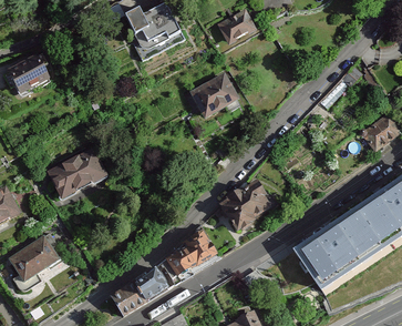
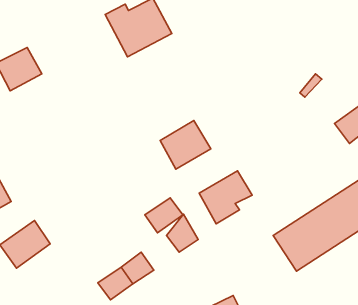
building: [218,9,259,45] -> none
building: [190,68,244,119] -> [160,120,211,169]
building: [45,146,109,200] -> none
building: [157,247,197,284] -> [145,198,183,233]

